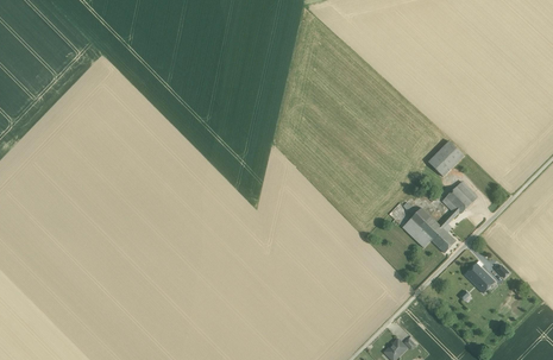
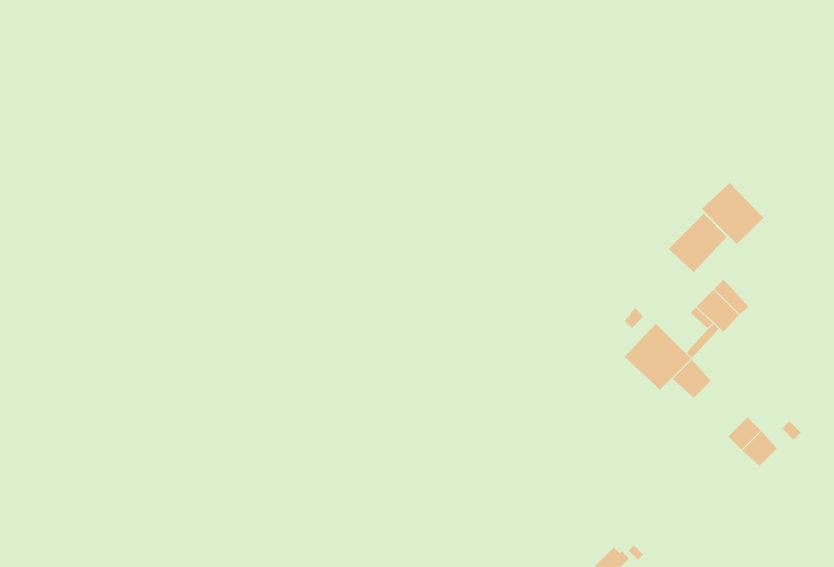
building: none -> [701,182,764,245]

